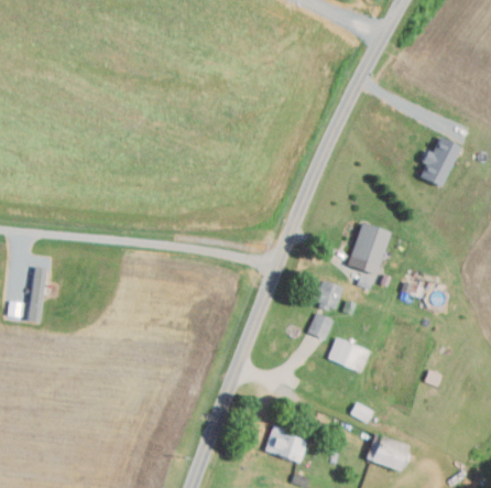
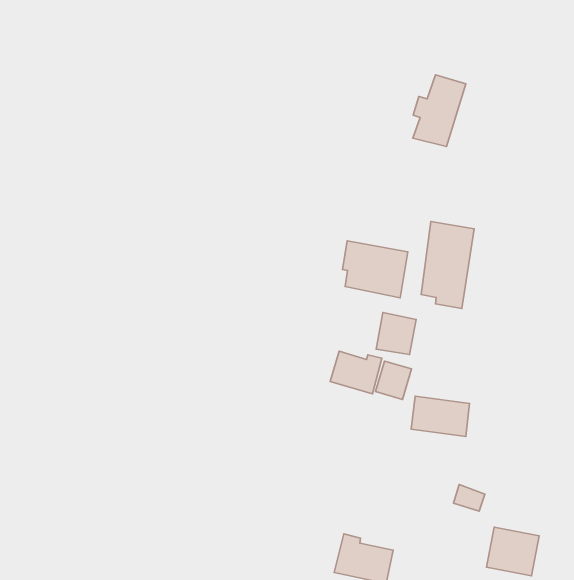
building: [419,137,460,186] -> [413,75,466,147]
building: none -> [343,241,408,298]
building: none -> [330,351,382,394]

